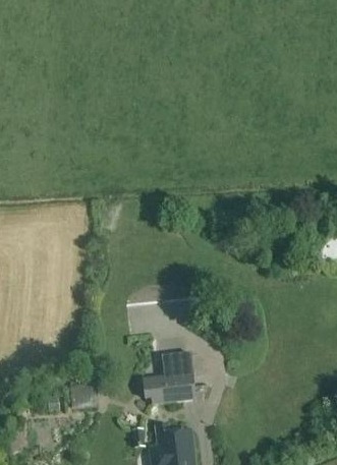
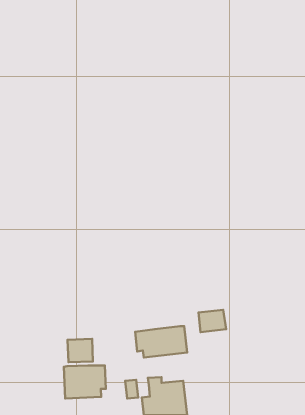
building: [160,351,188,374] -> [199,310,226,332]
building: none -> [64,365,106,398]

